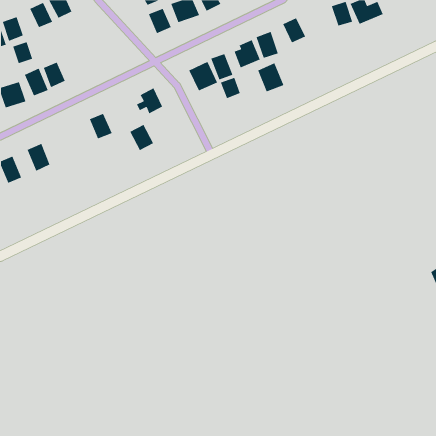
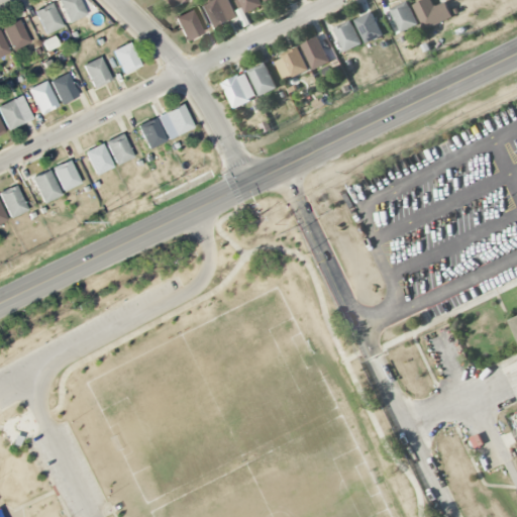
building: none -> [356,12,383,42]
building: none -> [113,41,141,74]
building: [12,41,33,64] -> none
building: none -> [83,56,111,88]
building: [257,62,284,92] -> none
building: [220,77,241,99] -> none
building: none -> [86,143,112,174]
building: [129,124,154,151] -> [137,116,167,148]
building: none -> [53,159,81,191]

